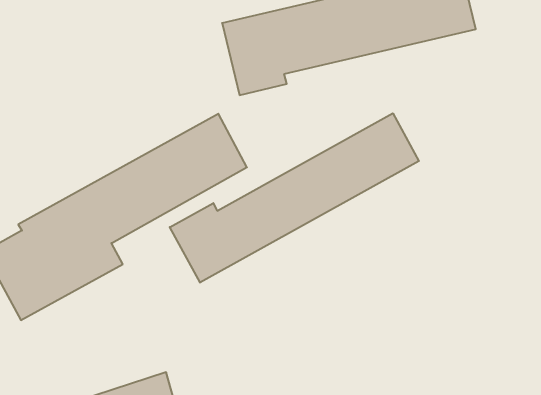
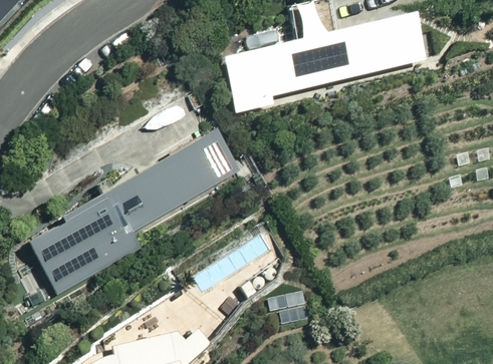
building: [170,113,419,283] -> none

